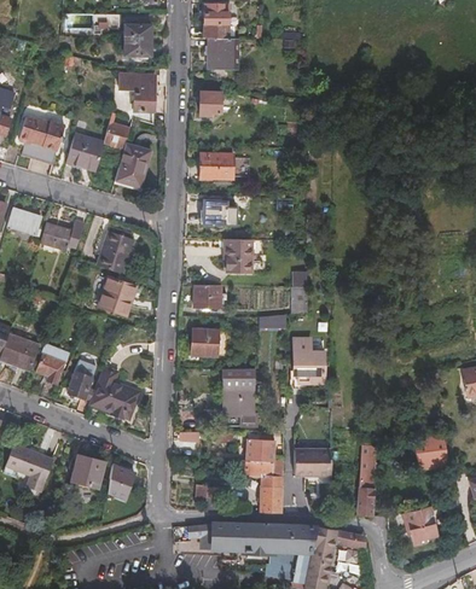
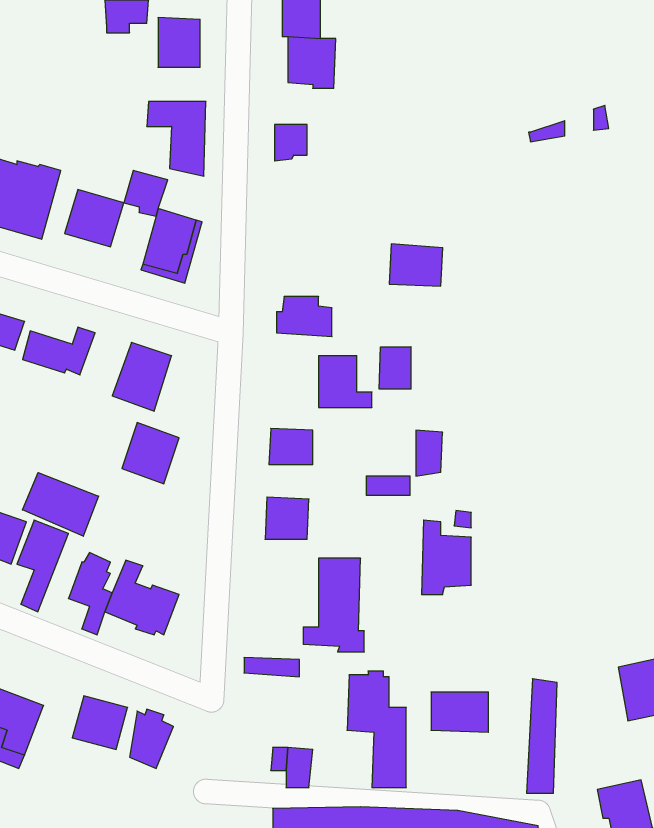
building: [202,152,236,179] -> [389,244,443,286]
building: none -> [379,347,411,389]
building: none -> [22,473,99,536]

